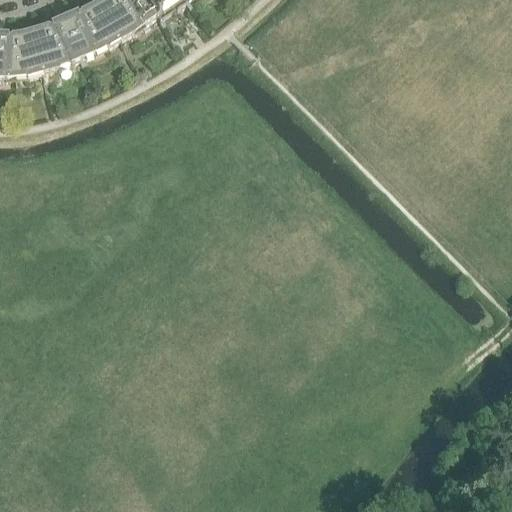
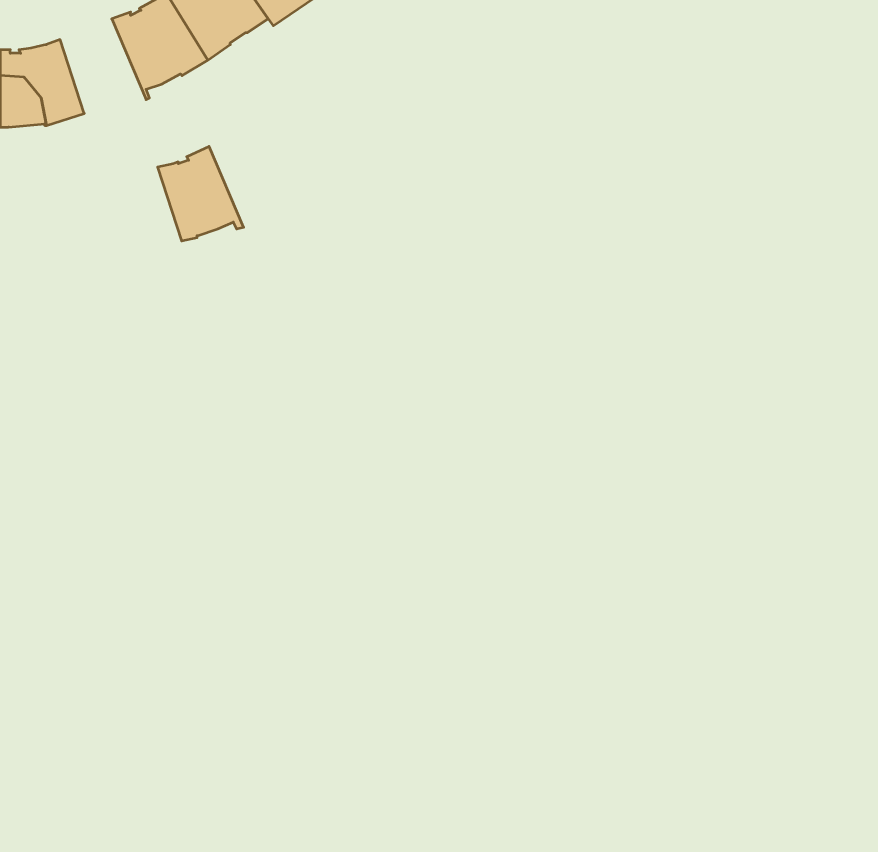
building: [35,11,85,66] -> [158,146,244,241]

